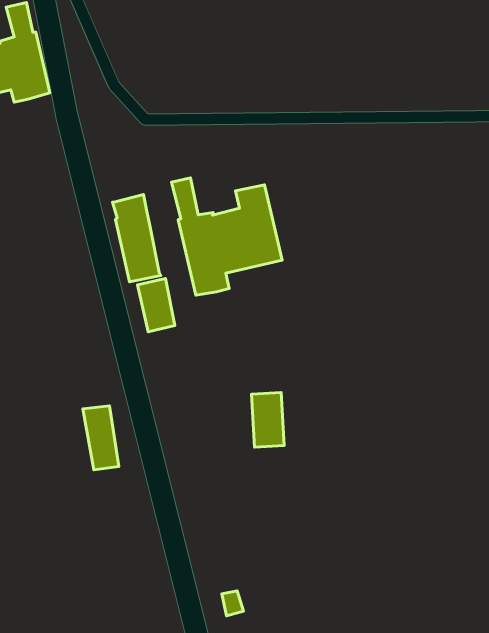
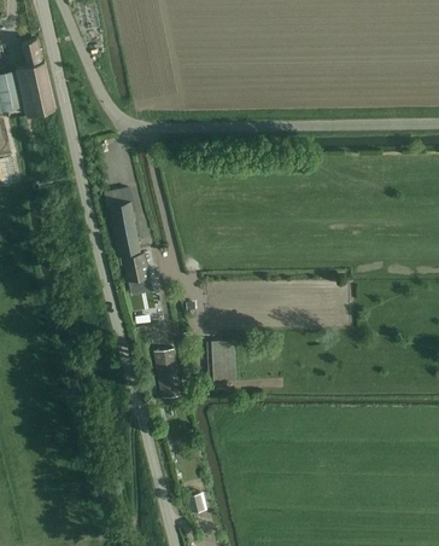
building: [172,178,282,295] -> none
building: [83,406,119,470] -> [154,349,182,399]

